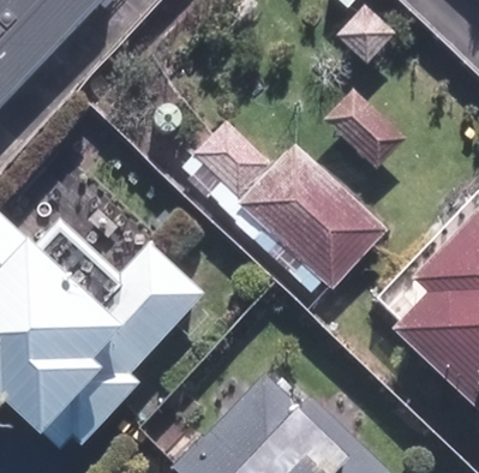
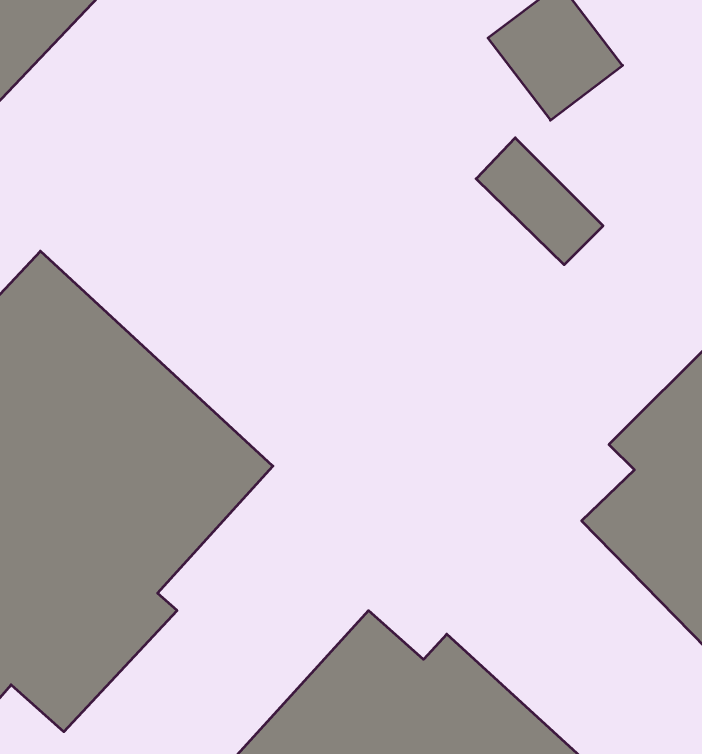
building: [198,121,390,292] -> none

